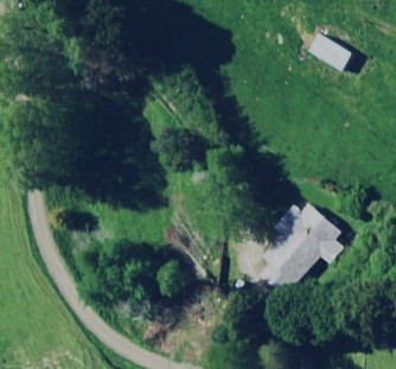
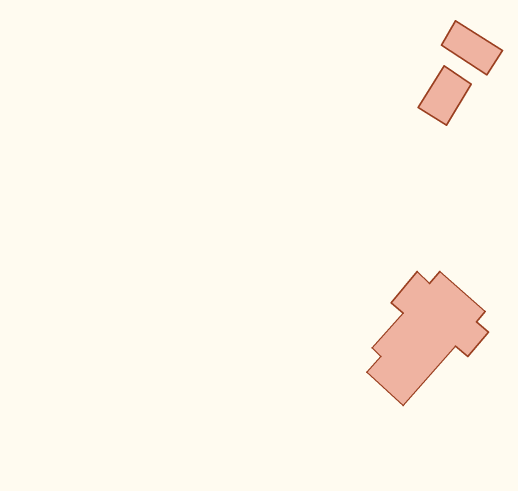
building: none -> [418,66,471,125]

